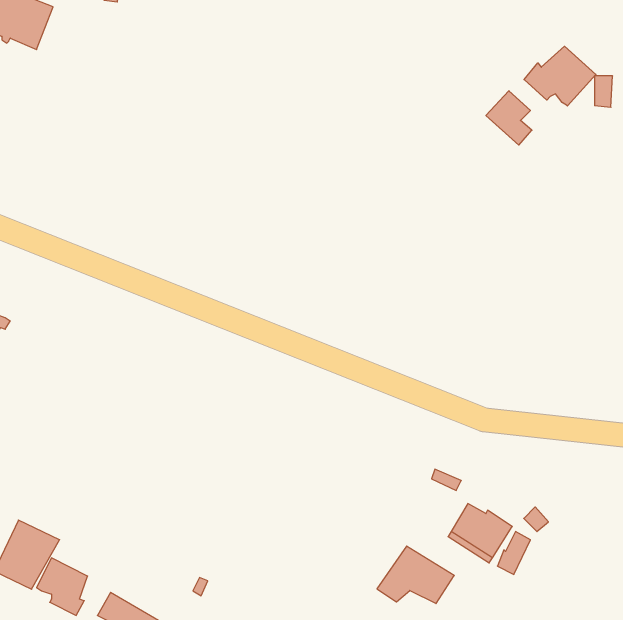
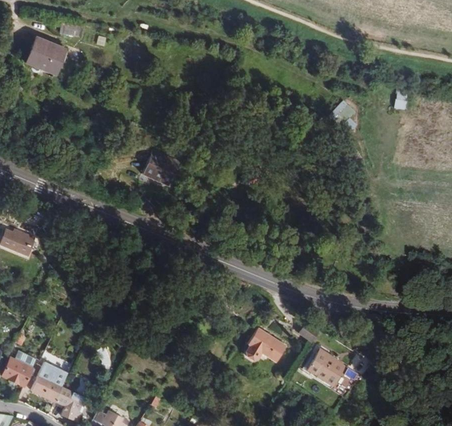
building: [524,46,596,106] -> none
building: none -> [142,151,179,185]
building: [377,546,454,604] -> [244,328,291,363]

